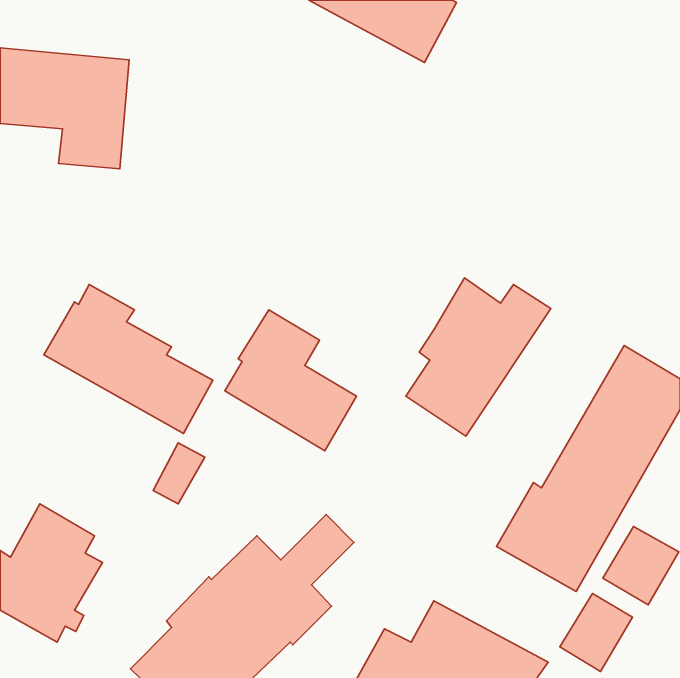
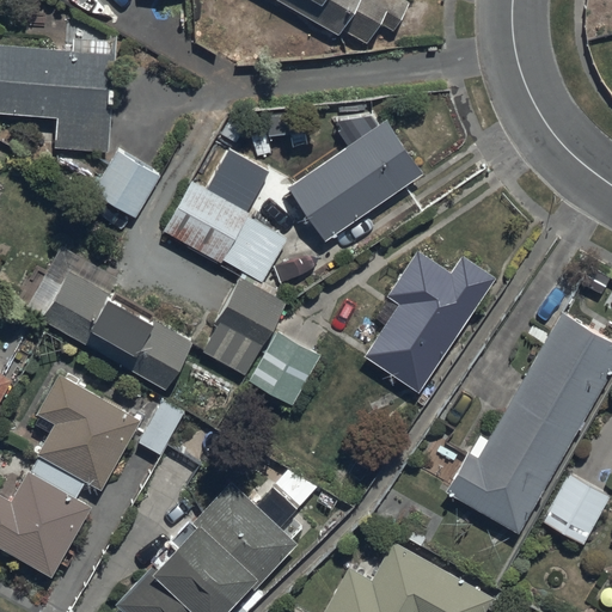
building: none -> [287,121,422,241]
building: none -> [161,151,286,282]
building: none -> [92,152,159,218]
building: none -> [36,375,141,491]
building: [560,594,633,672] -> none

